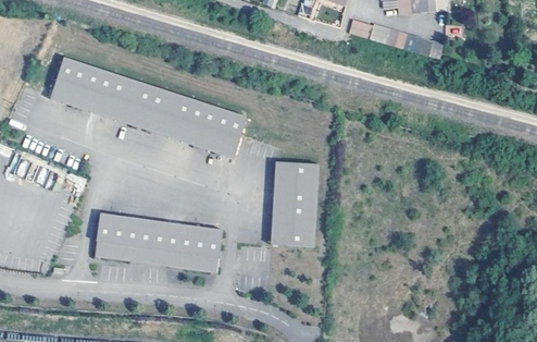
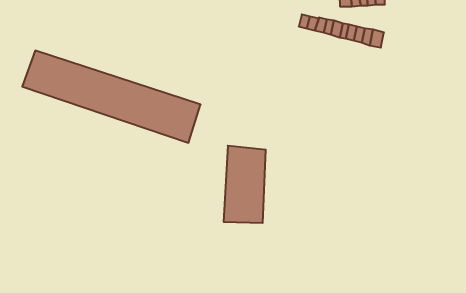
building: [92,213,222,271] -> none

